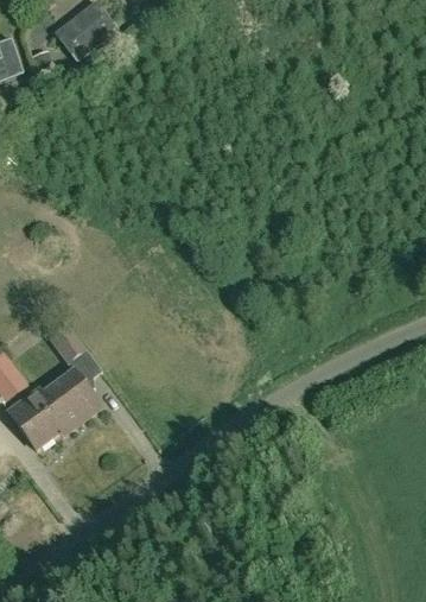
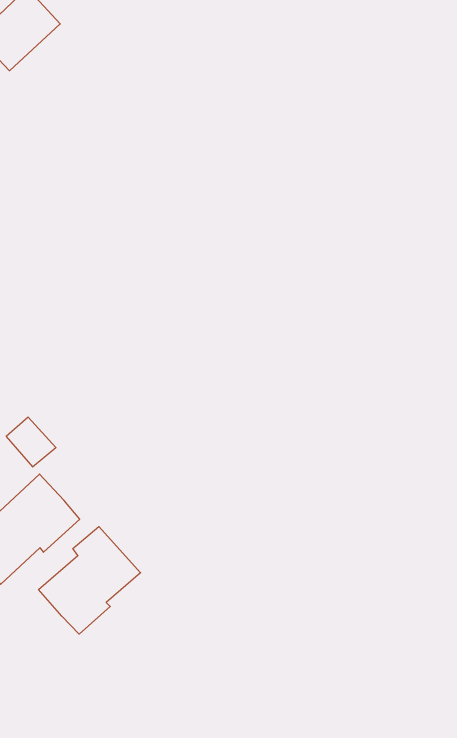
building: none -> [39,527,141,634]

